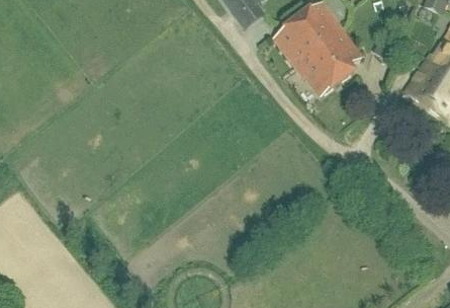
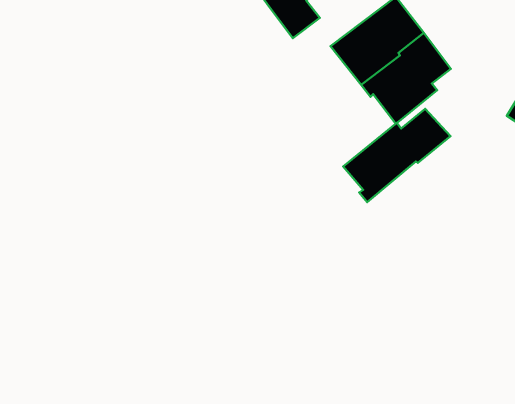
building: none -> [343,109,450,202]

